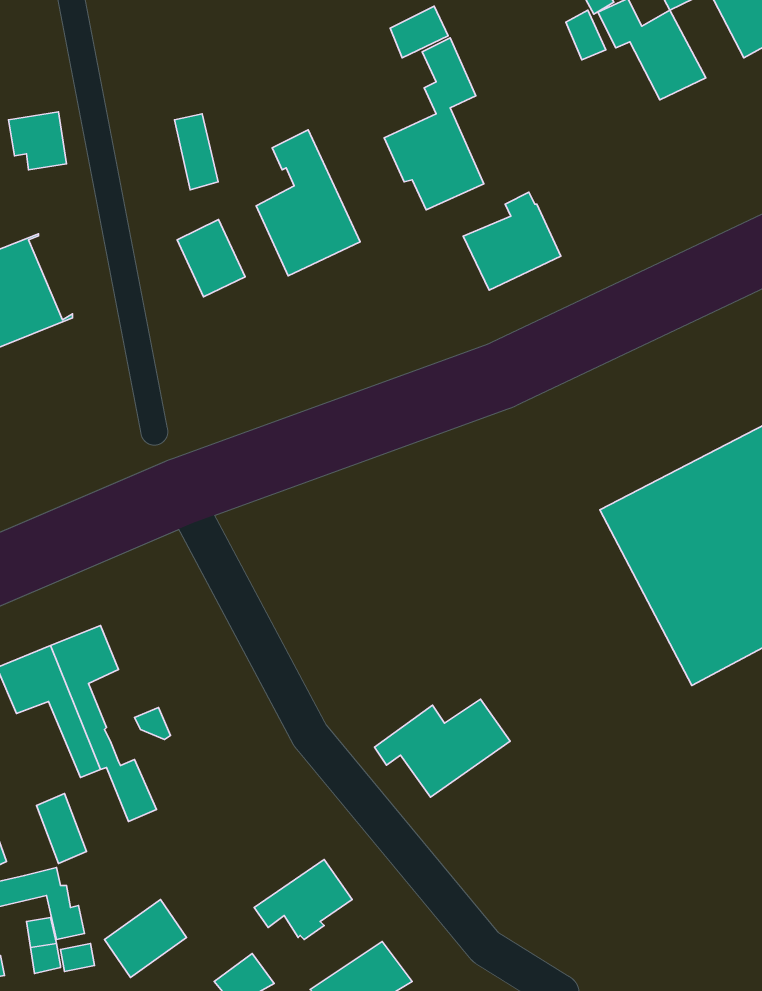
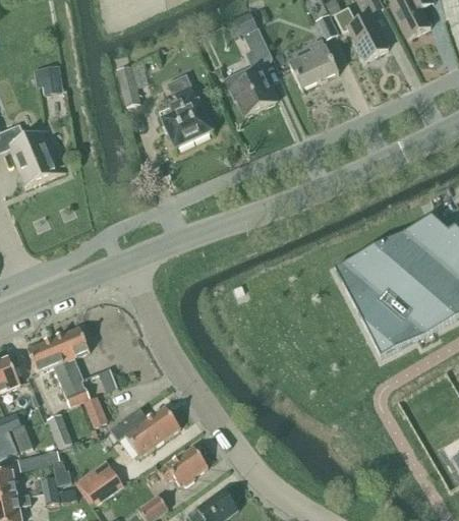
building: [463,192,561,290] -> [289,40,339,90]
building: [177,220,245,297] -> none
building: [374,699,510,797] -> [112,406,181,456]

